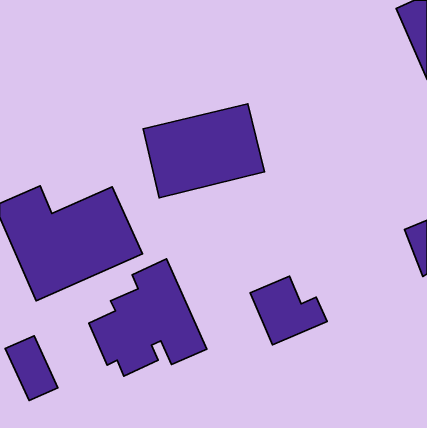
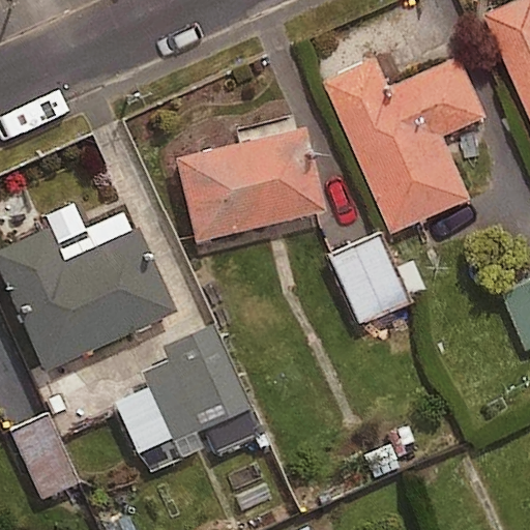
building: none -> [327,54,491,232]
building: [250,276,327,345] -> [326,234,421,319]

